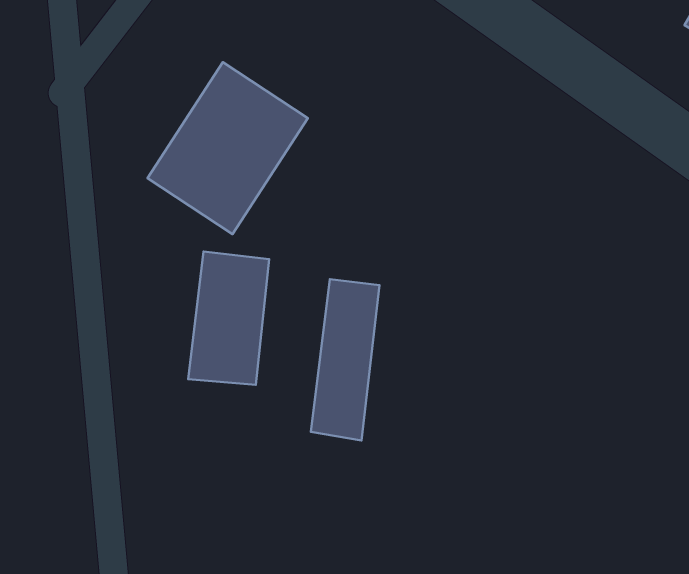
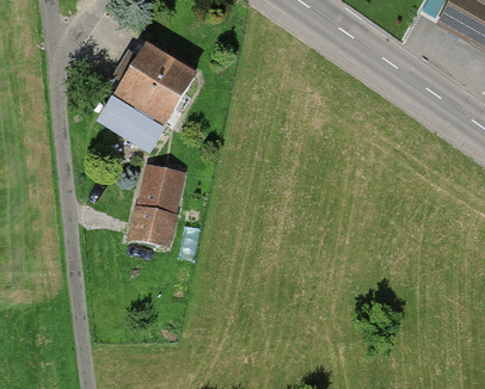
building: [311,279,380,440] -> none

